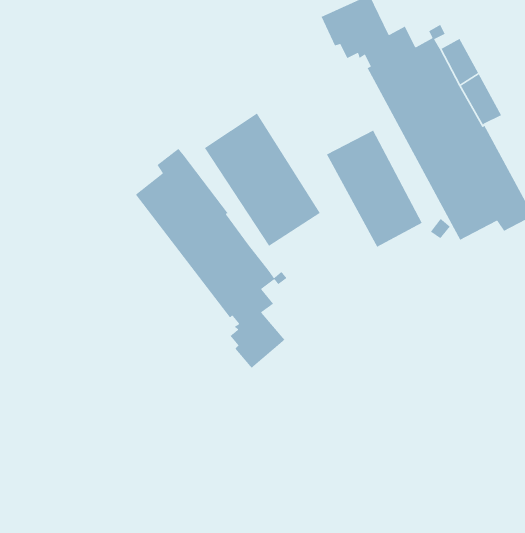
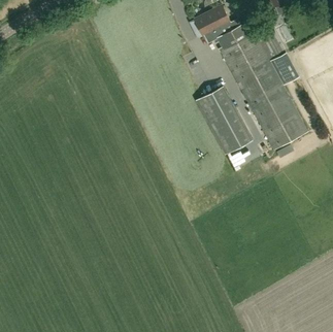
building: [204,112,321,247] -> none
building: [135,148,288,369] -> none

